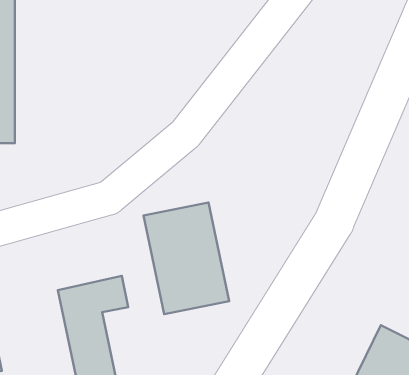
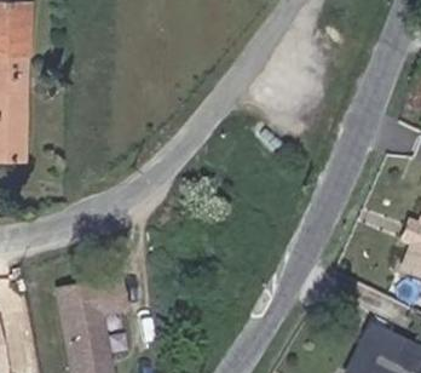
building: [144,202,229,314] -> none

